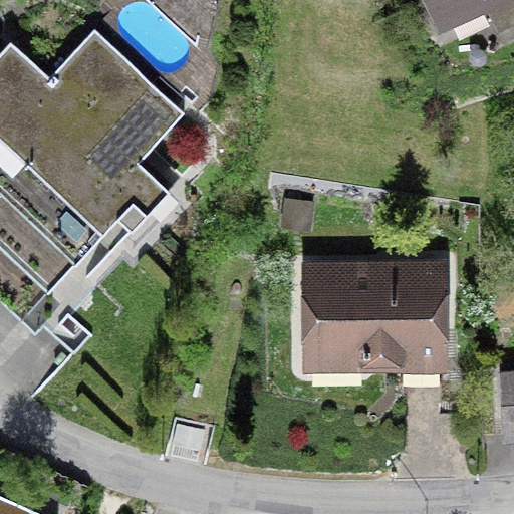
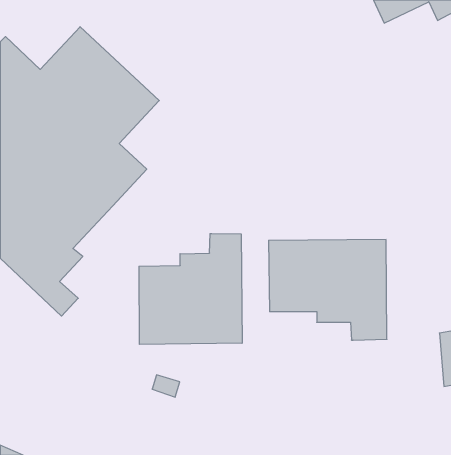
building: none -> [139,234,242,344]

